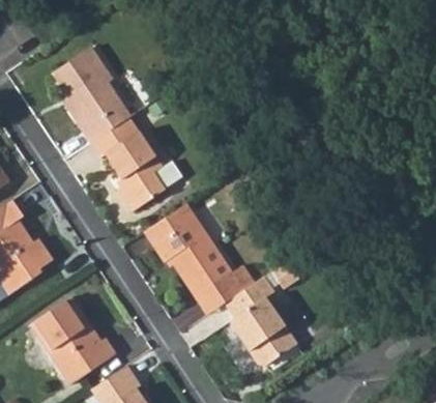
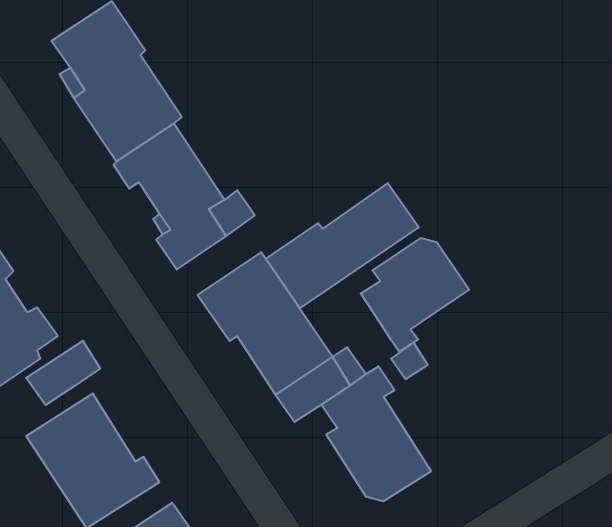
building: none -> [266,183,419,308]
building: none -> [361,238,469,352]
building: none -> [26,341,100,405]

